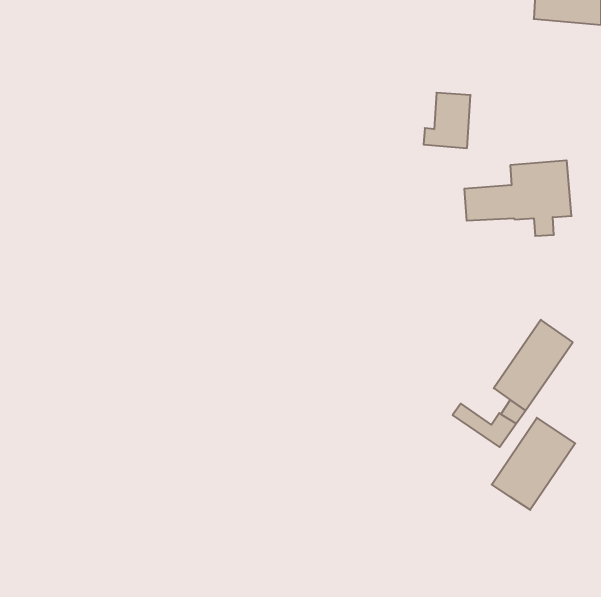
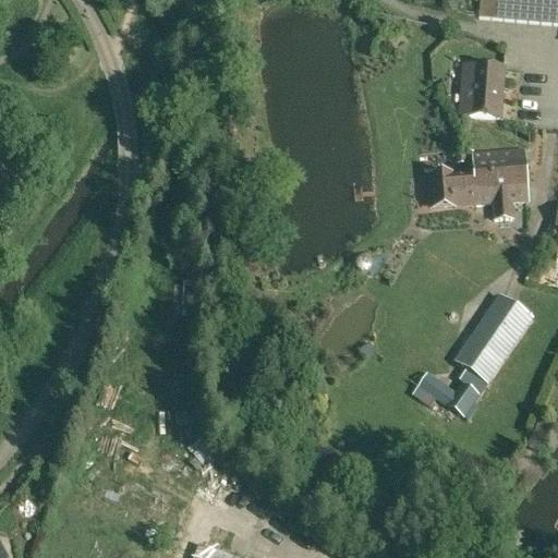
building: [424,93,471,148] -> [460,65,504,117]
building: [492,418,575,510] -> none

